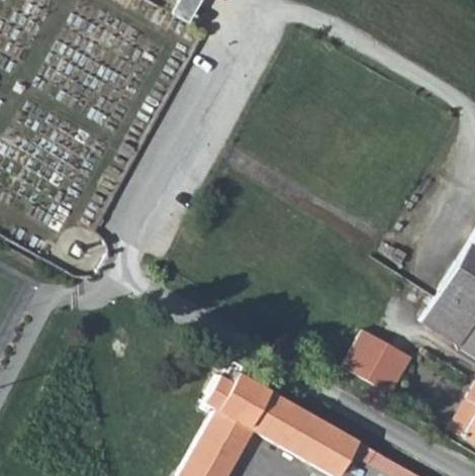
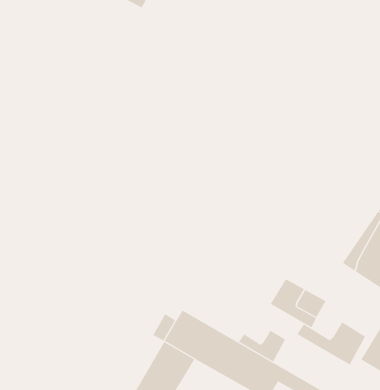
building: none -> [297,321,366,366]
building: none -> [238,330,286,362]

